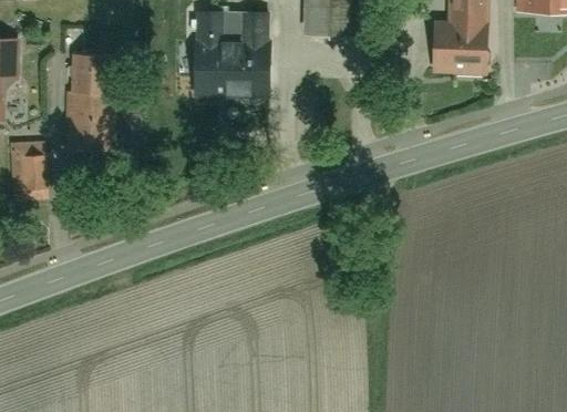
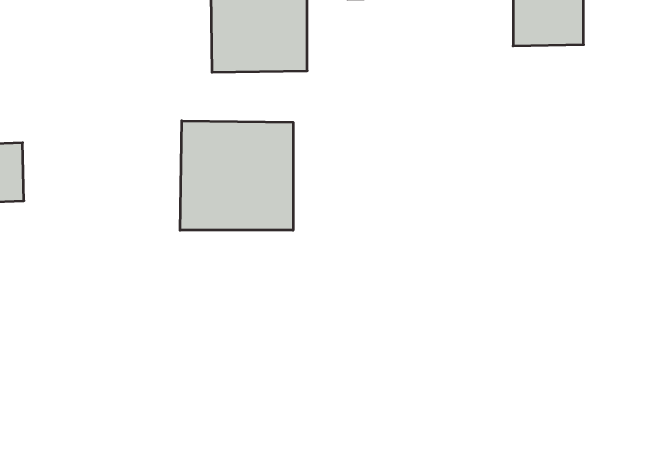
building: [61,52,107,150] -> none
building: none -> [180,121,293,230]

